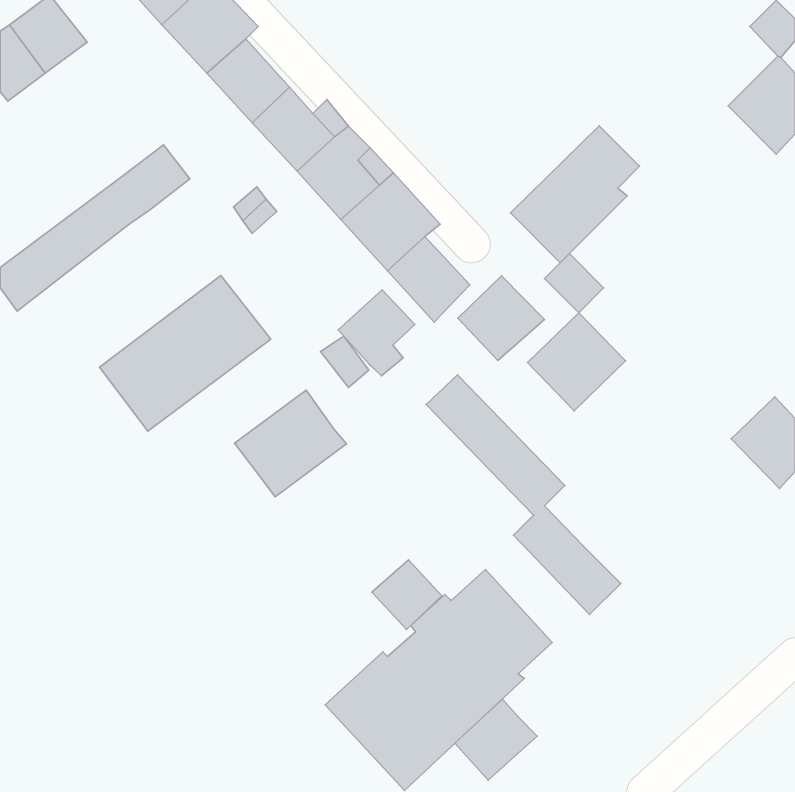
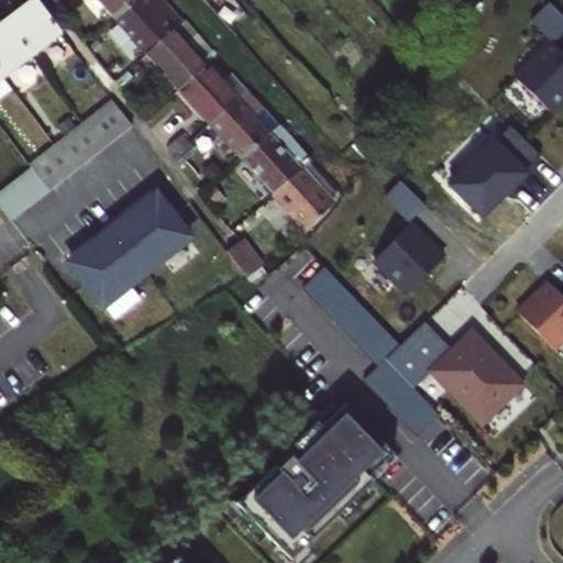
building: [511,126,640,263] -> [446,123,538,220]
building: [458,276,545,361] -> none
building: [338,290,415,376] -> none
building: [235,390,347,497] -> none
building: none -> [385,320,522,423]
building: [372,560,442,630] -> none
building: [455,699,537,780] -> none

